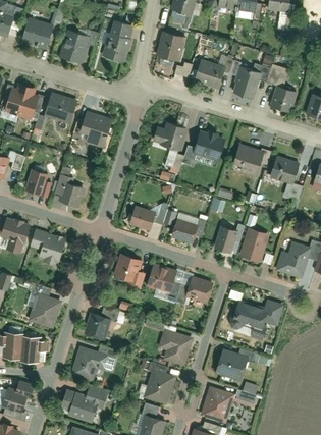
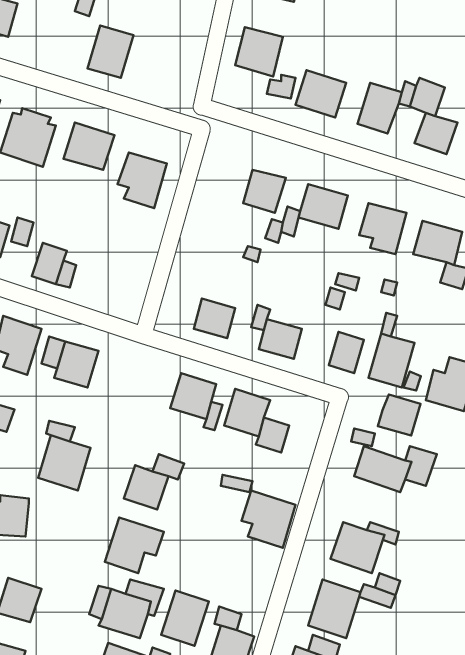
building: [22,17,55,47] -> none
building: [103,20,135,61] -> none
building: [58,181,84,208] -> none
building: [185,276,213,303] -> [378,394,421,436]
building: [18,336,48,363] -> none
building: [144,368,174,403] -> [161,590,209,646]

